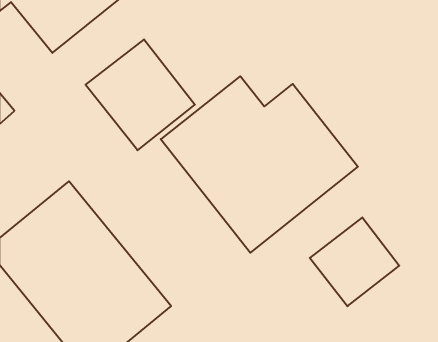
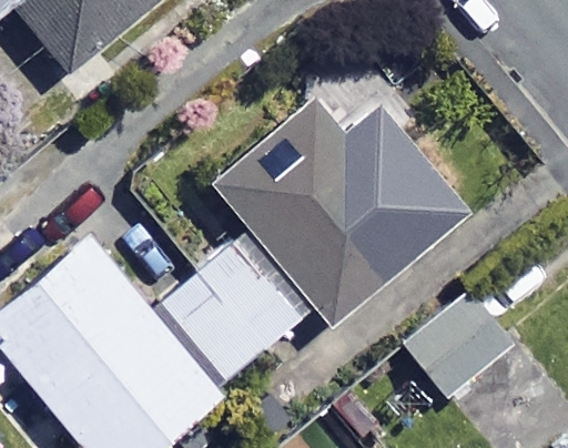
building: [86,39,195,150] -> none
building: none -> [161,243,298,381]

